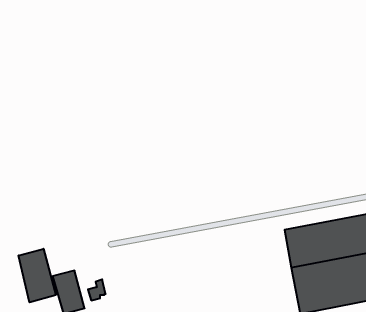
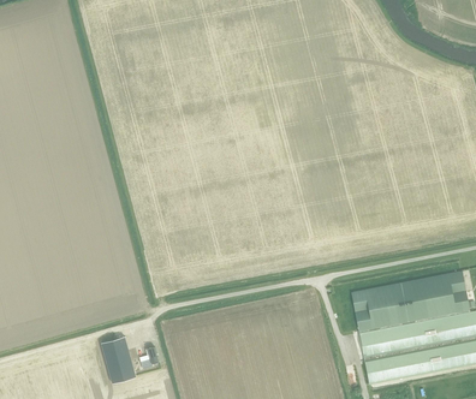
building: [19,249,56,302] -> none

